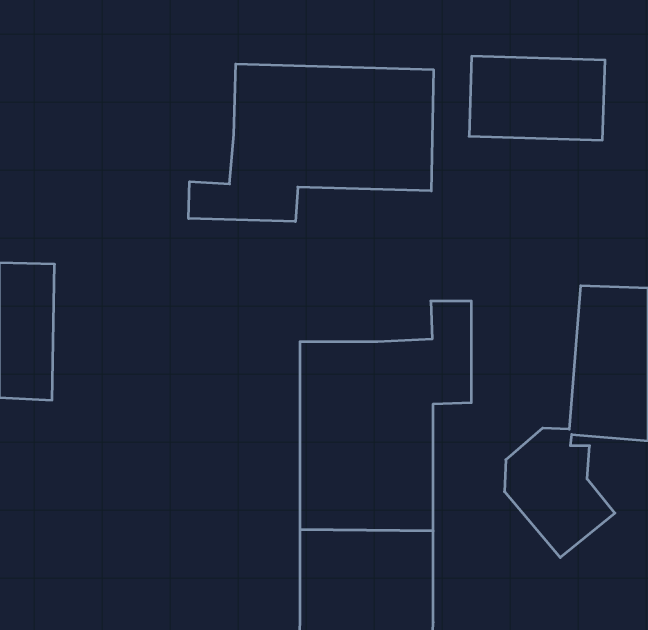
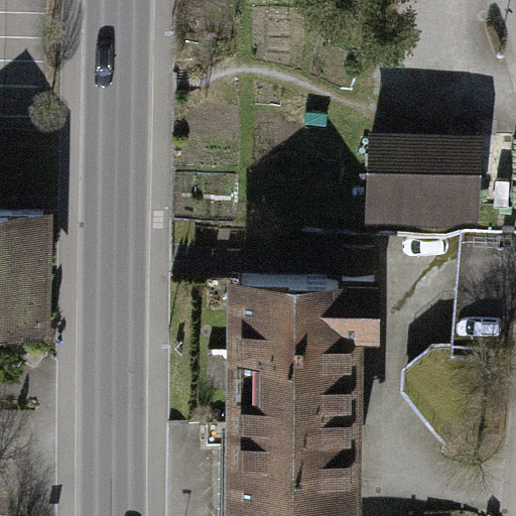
building: [469,56,605,140] -> [371,151,479,218]
building: [189,64,433,222] -> none

